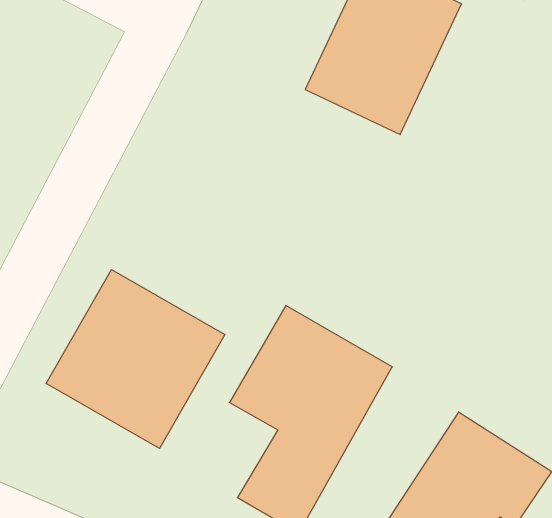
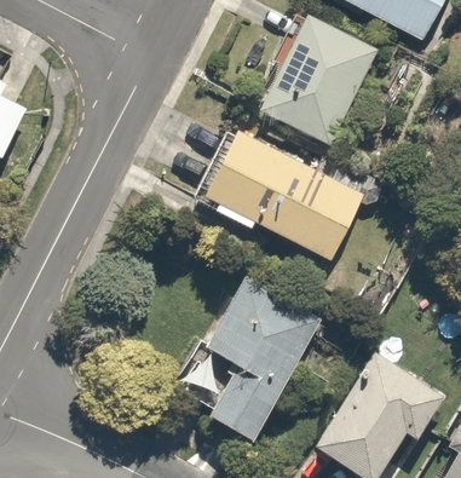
building: none -> [201,128,364,260]
building: [46,270,225,448] -> none

